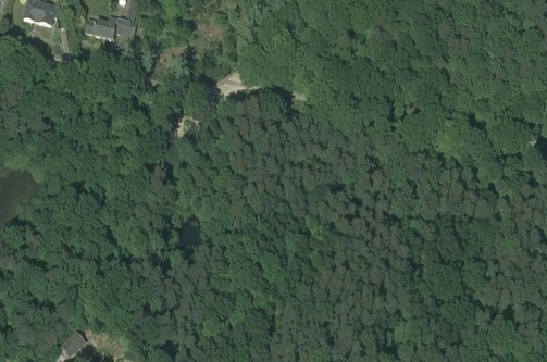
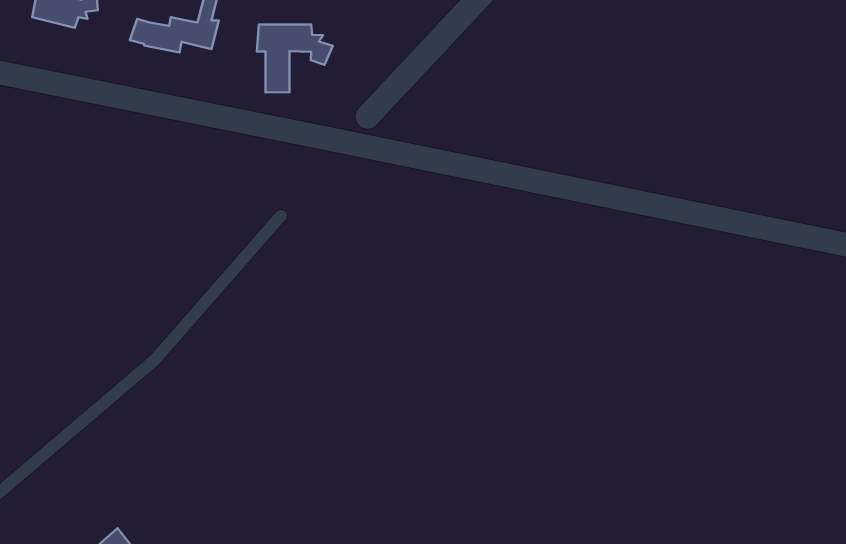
building: none -> [257,24,333,93]

